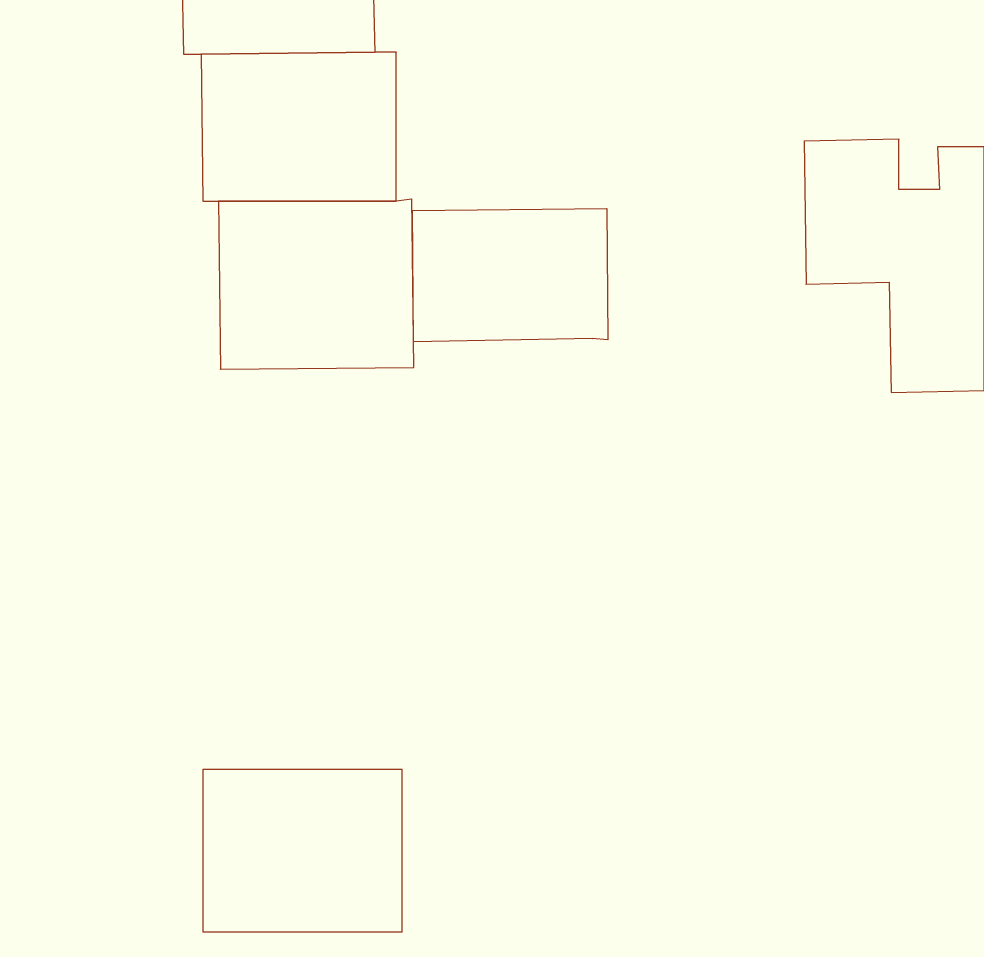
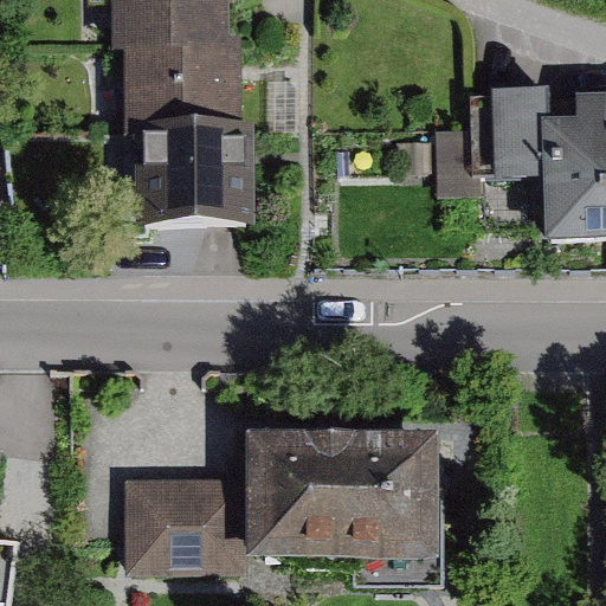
building: [412,209,608,342] -> none
building: none -> [246,432,439,562]

